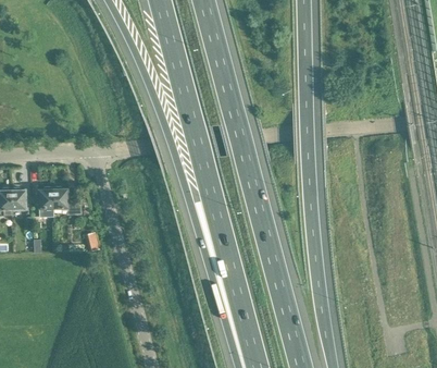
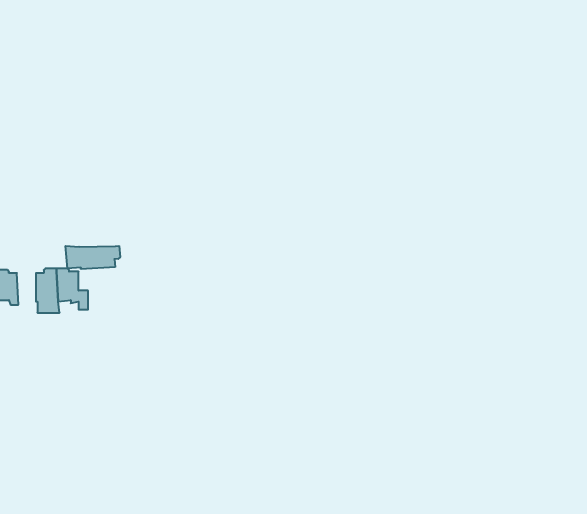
building: none -> [66,246,120,269]

